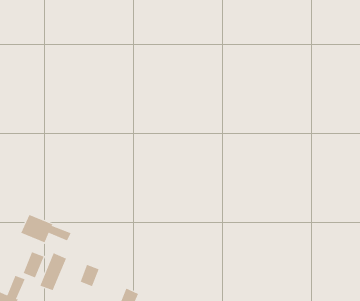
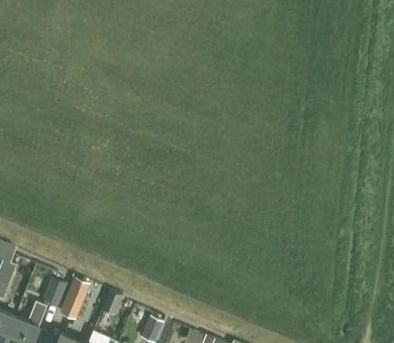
building: [20,214,71,243] -> none

